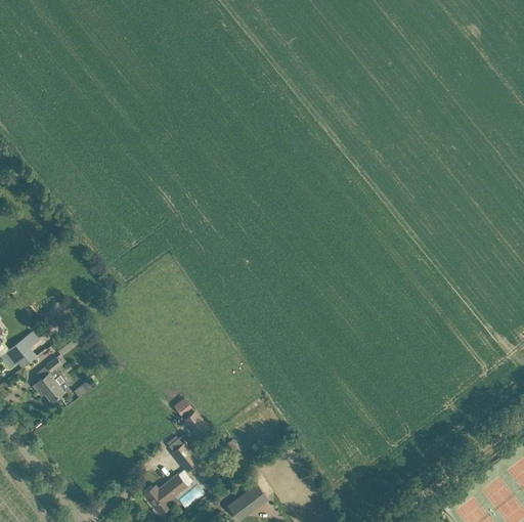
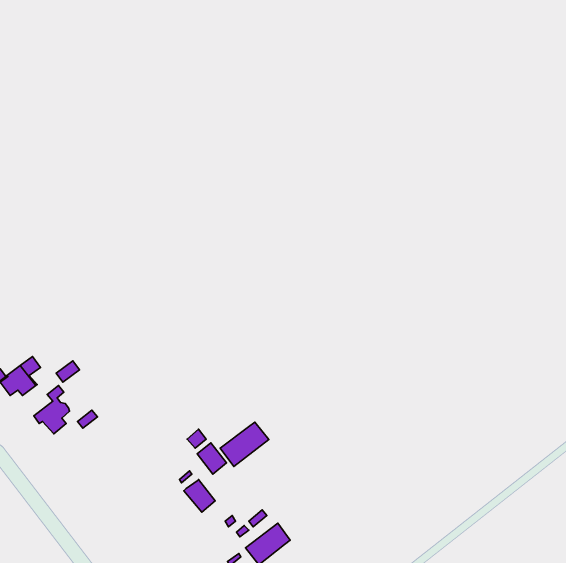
building: none -> [220,422,269,467]
building: [142,473,187,516] -> none

